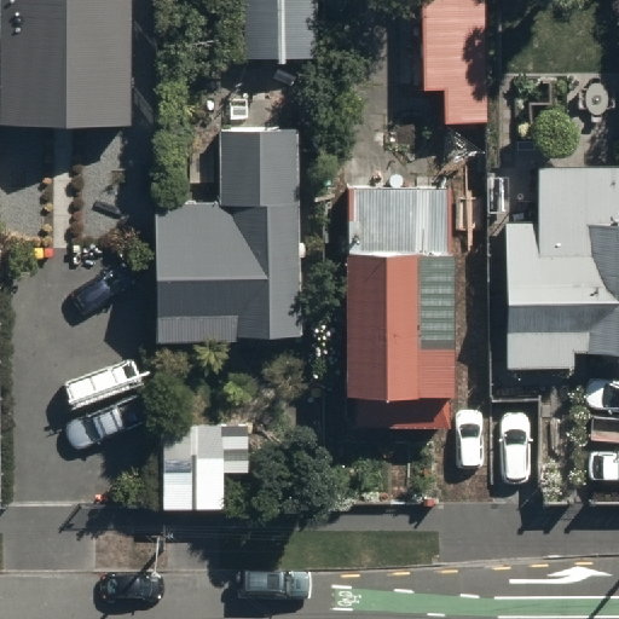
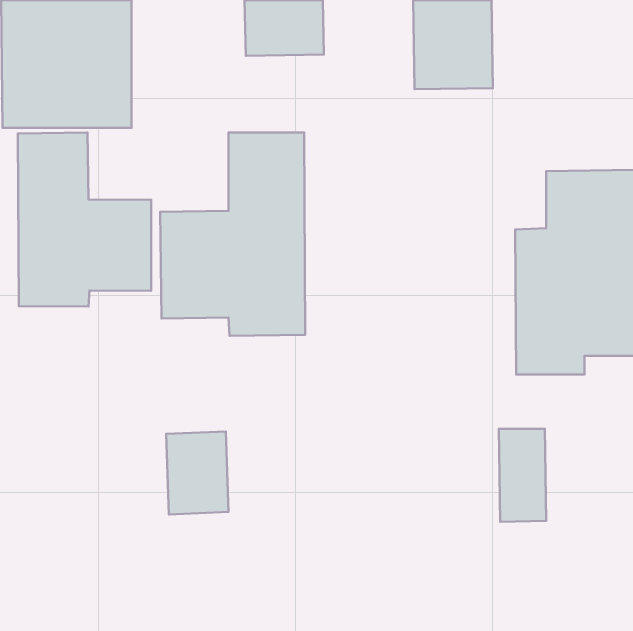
building: none -> [18,133,151,306]
building: [347,187,453,393] -> none

